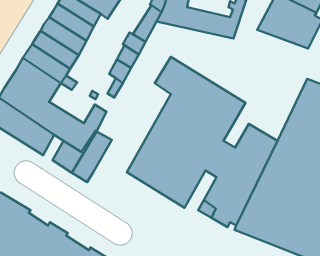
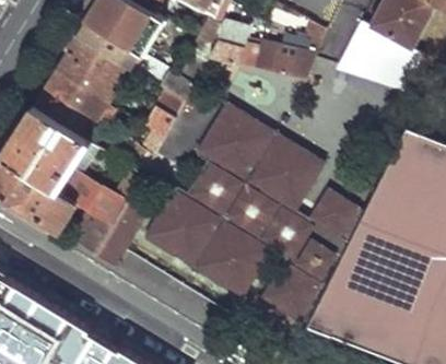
building: none -> [144,137,224,251]

